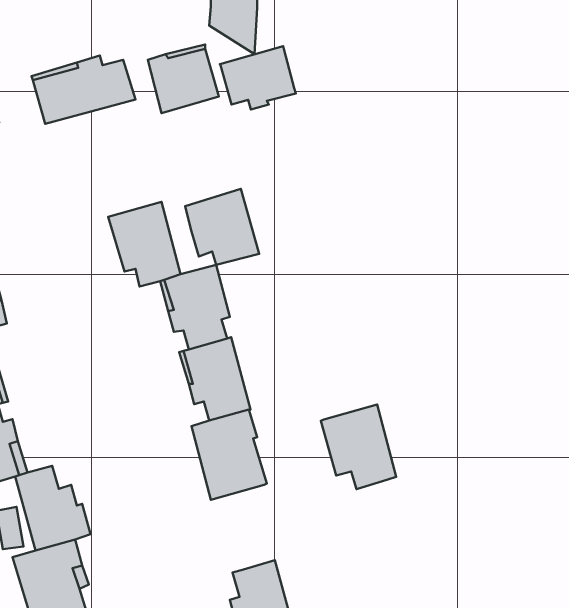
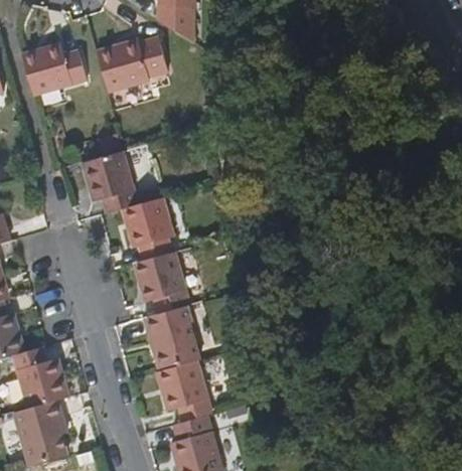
building: [220,46,296,109] -> none
building: [185,189,259,265] -> none
building: [321,404,396,489] -> [157,359,212,422]

